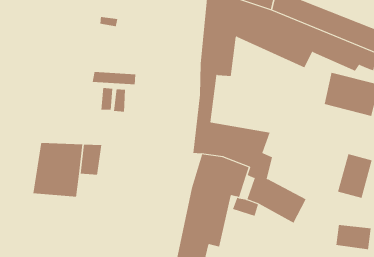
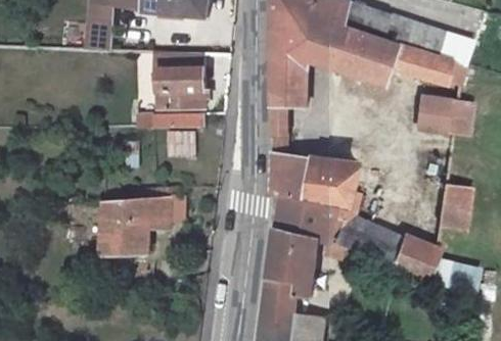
building: none -> [152,53,203,106]
building: none -> [390,234,441,282]

